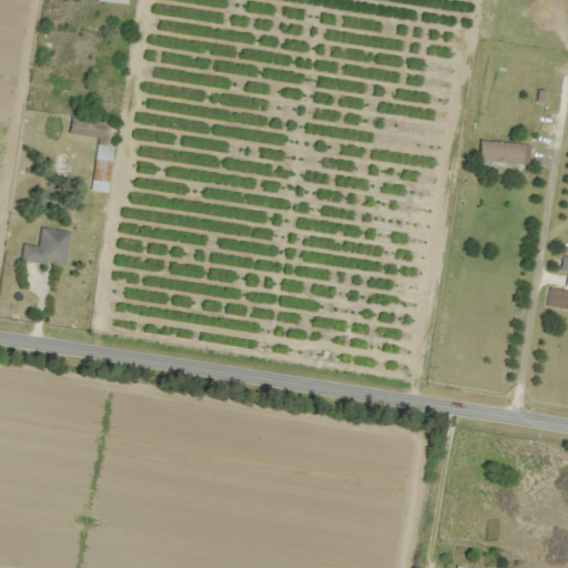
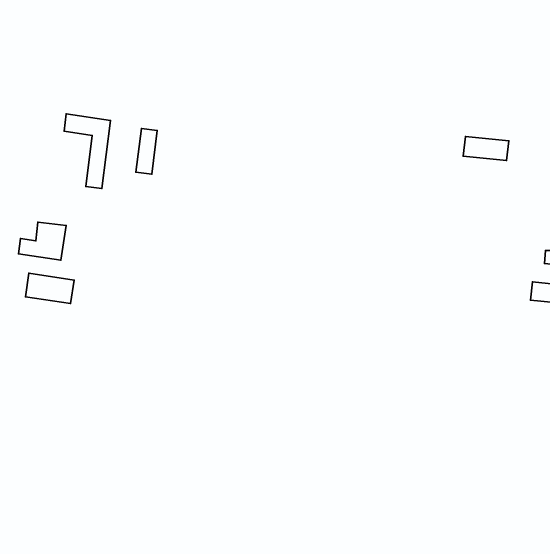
building: none -> [136,129,157,174]
building: none -> [26,273,74,304]

